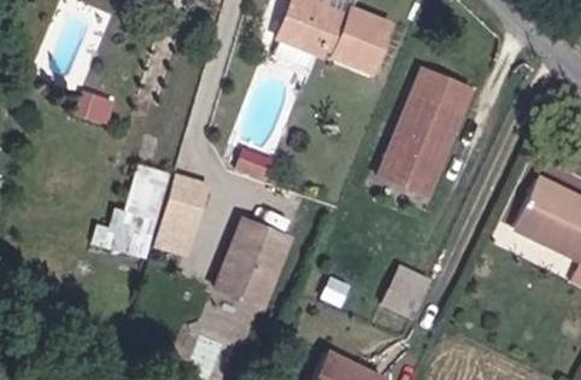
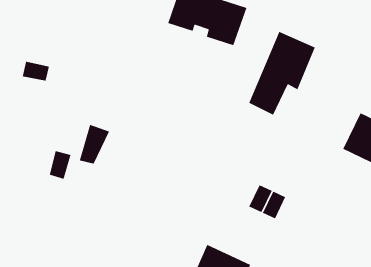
building: [381,131,453,191] -> none
building: [121,171,164,224] -> none
building: [213,217,292,329] -> none

